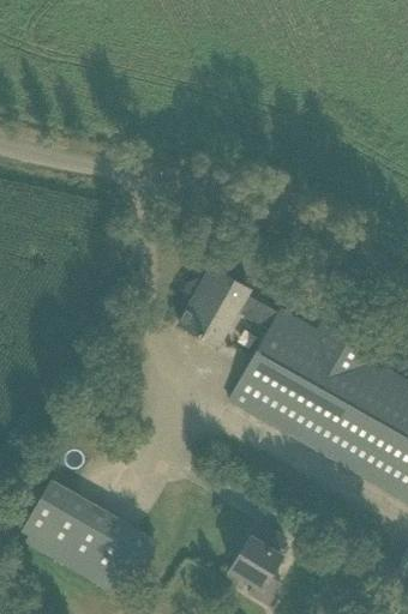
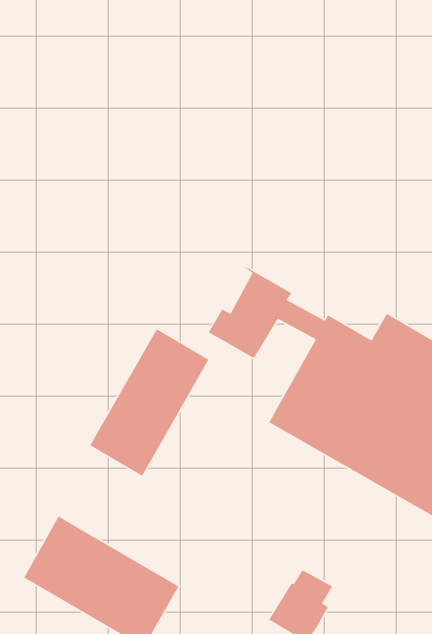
building: none -> [89,328,210,477]

